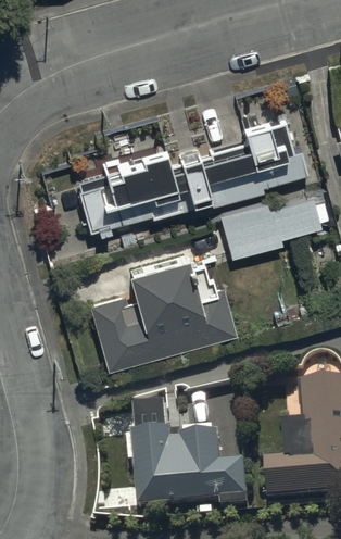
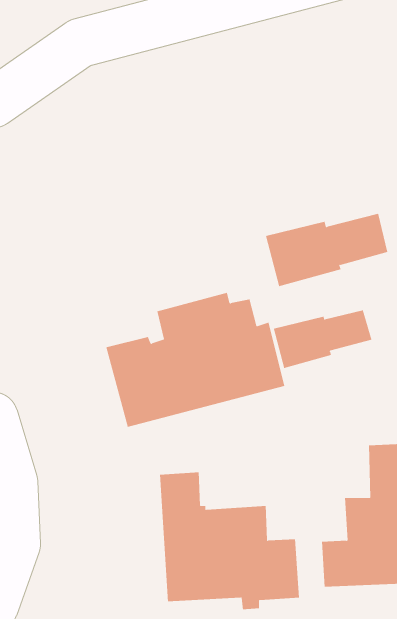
building: [77,117,308,236] -> none
building: none -> [273,309,372,369]

